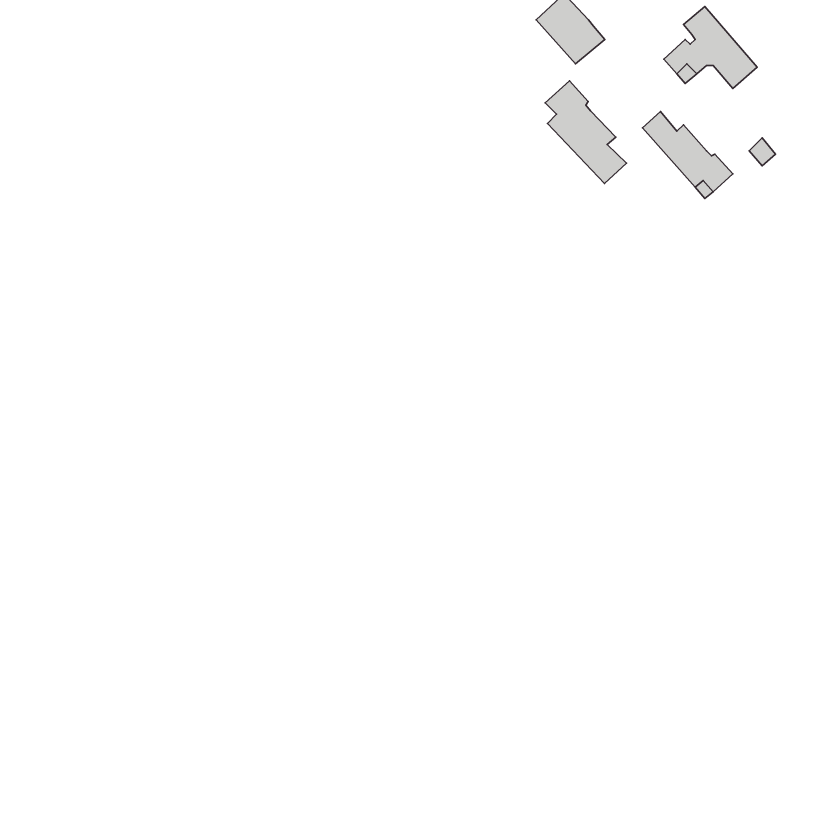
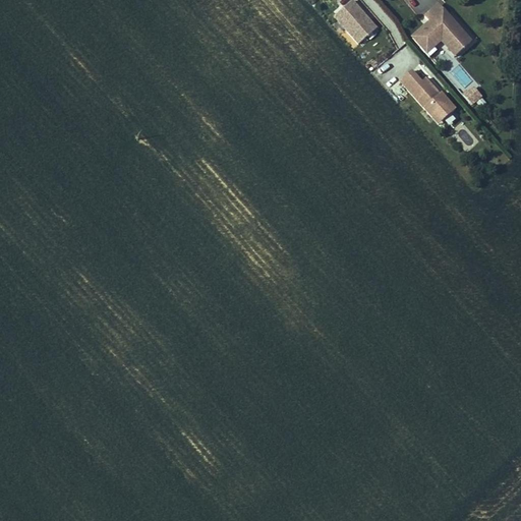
building: [545,81,626,184] -> none

